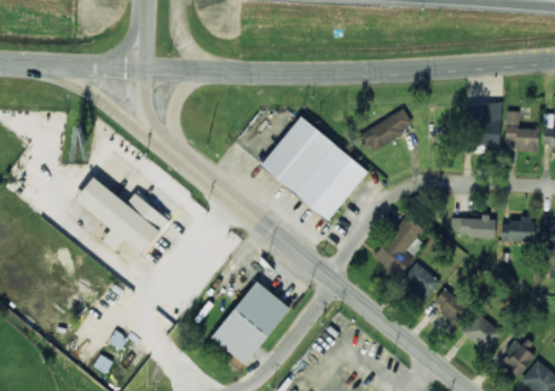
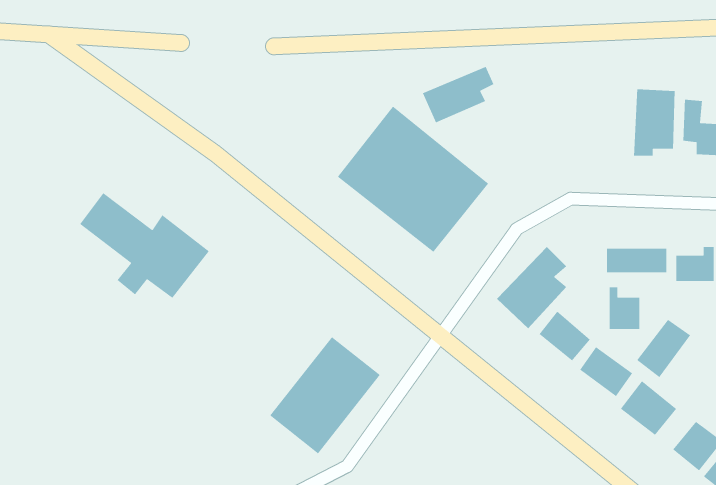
building: [359,110,411,151] -> [422,66,495,123]
building: none -> [609,286,640,330]
building: none -> [636,319,691,378]

